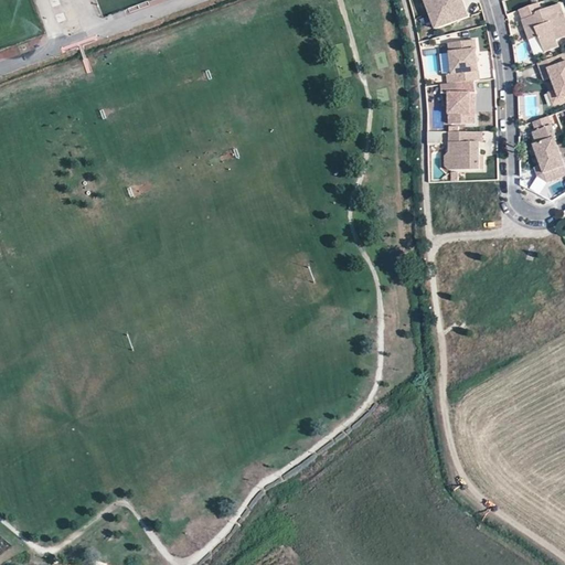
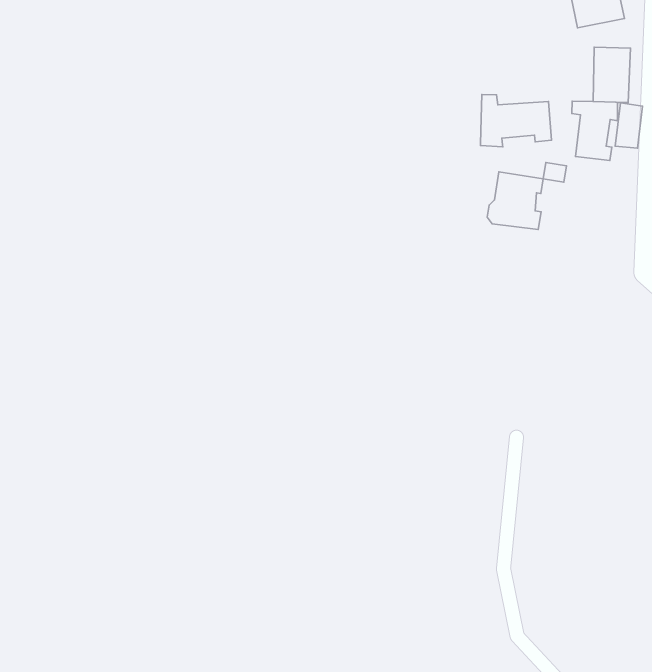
building: none -> [480,94,551,147]
building: [445,131,483,170] -> [487,172,543,230]

